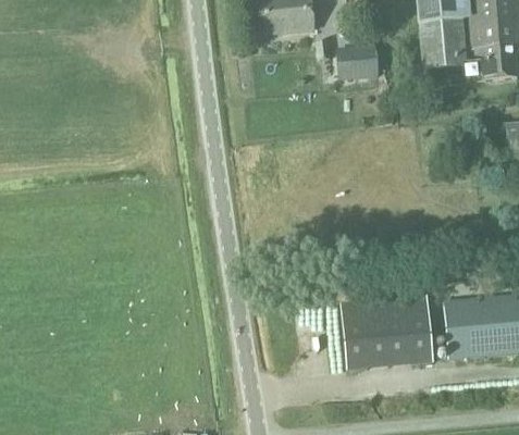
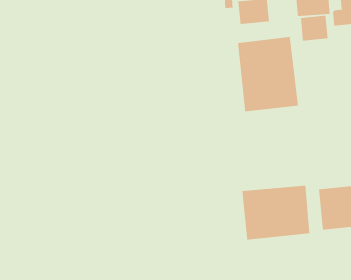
building: none -> [300,15,328,41]
building: none -> [238,36,299,112]

